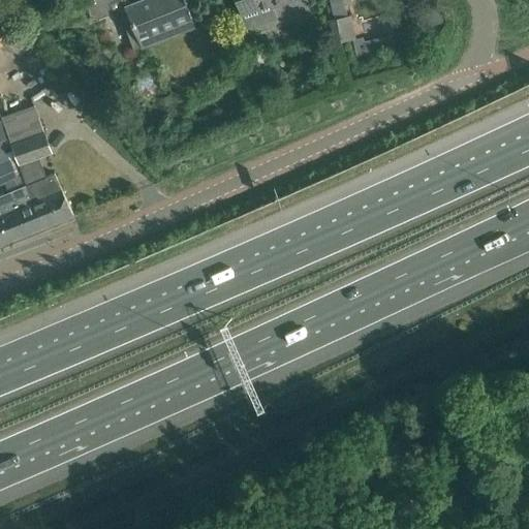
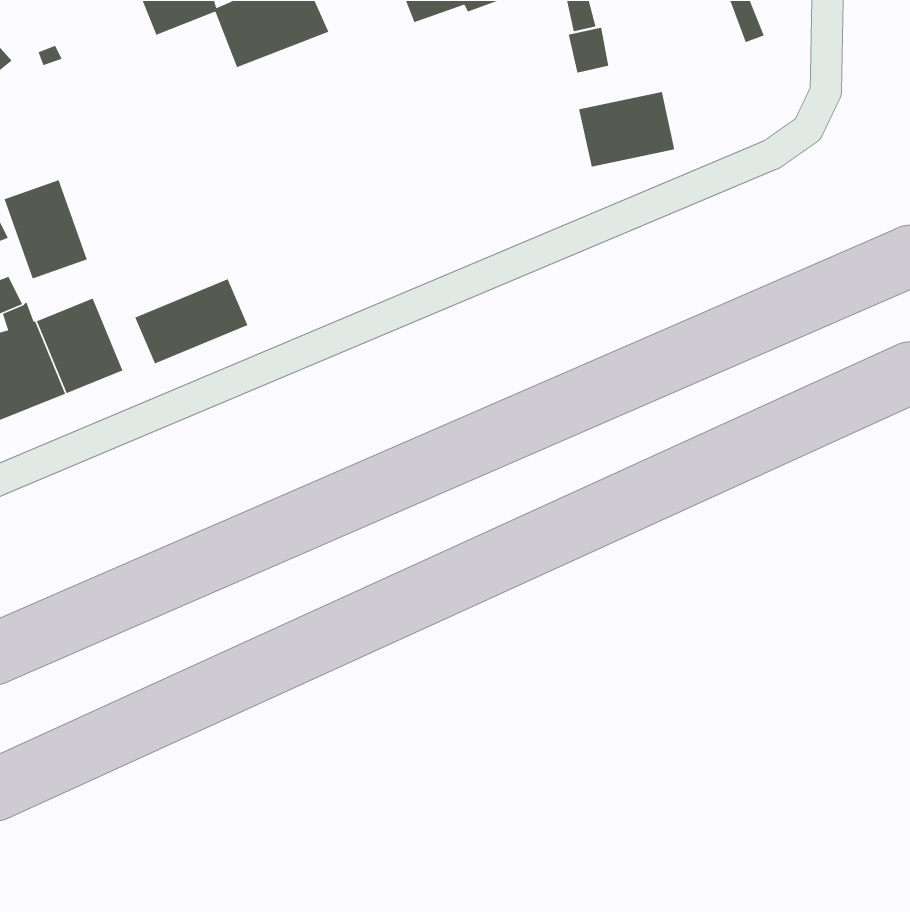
building: none -> [578,91,675,168]
building: none -> [134,278,248,364]

